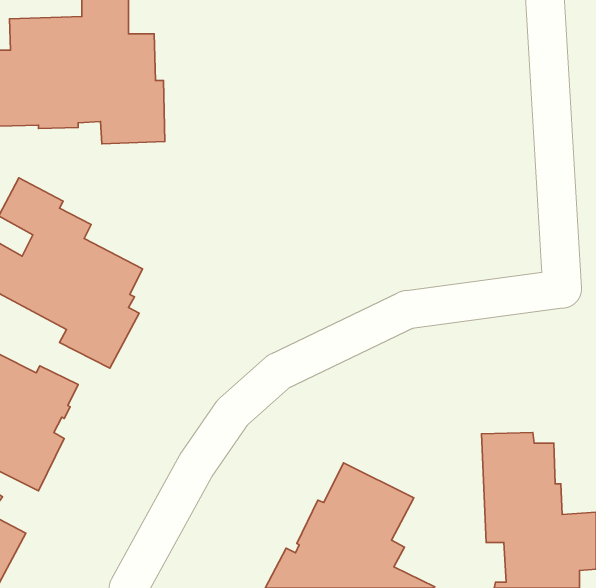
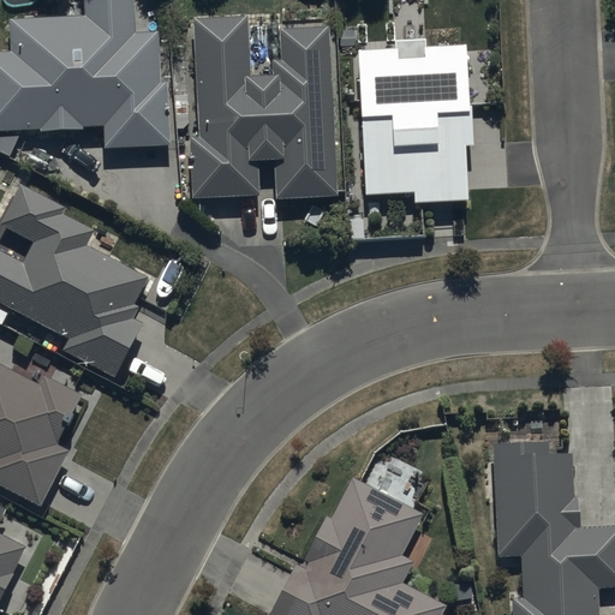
building: none -> [187,17,334,199]
building: none -> [358,38,472,204]

